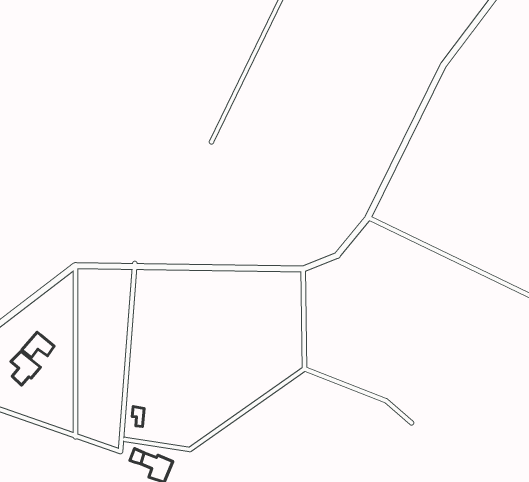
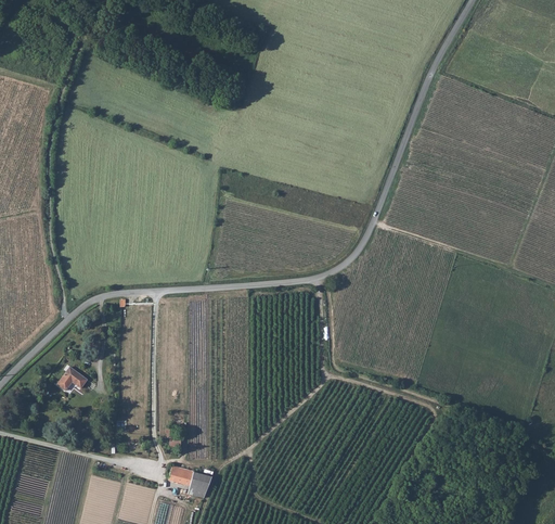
building: [11,351,41,385] -> none

